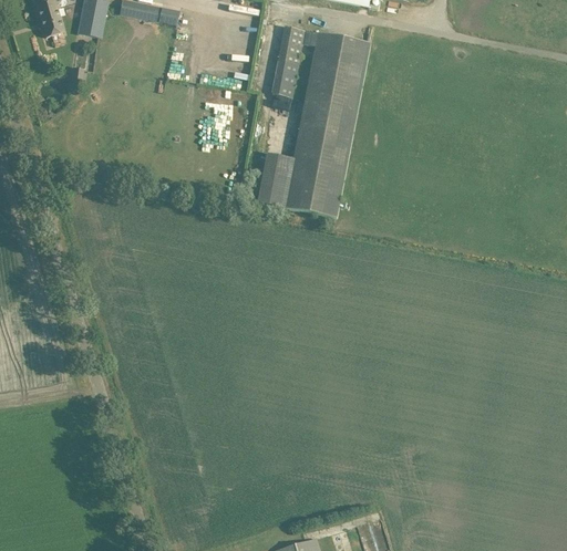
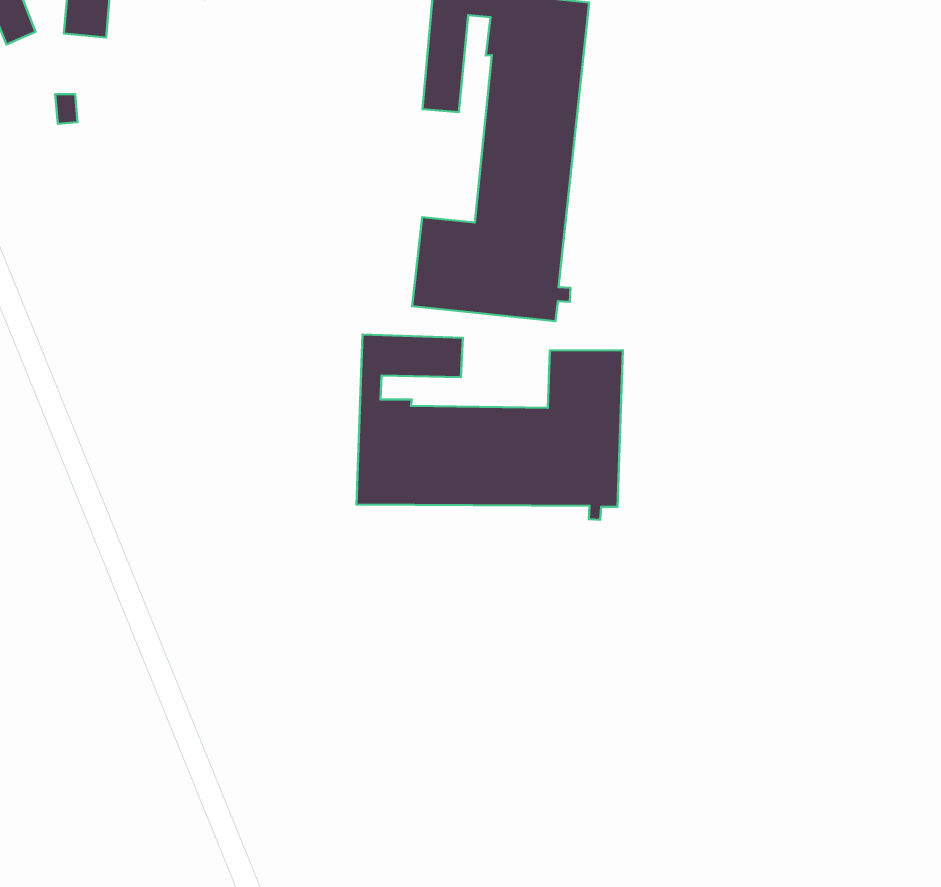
building: none -> [357,335,623,520]

